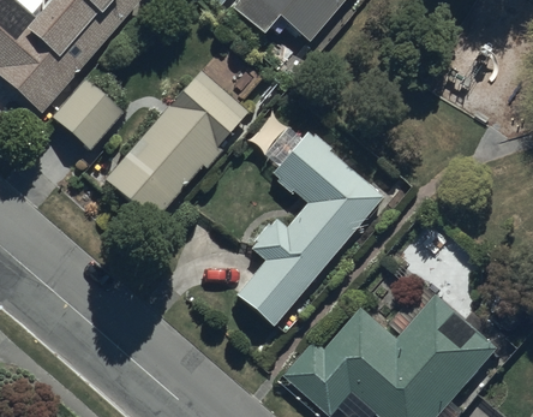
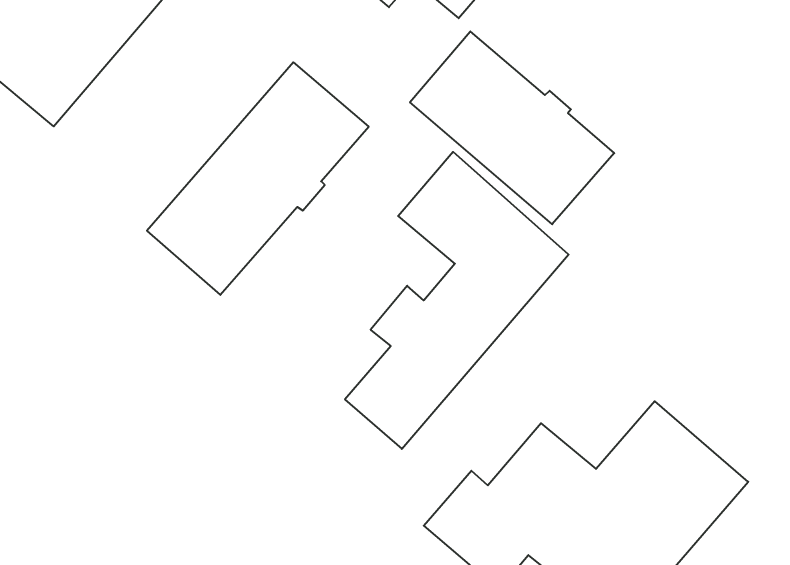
building: none -> [410,31,614,224]
building: [52,79,124,151] -> none

